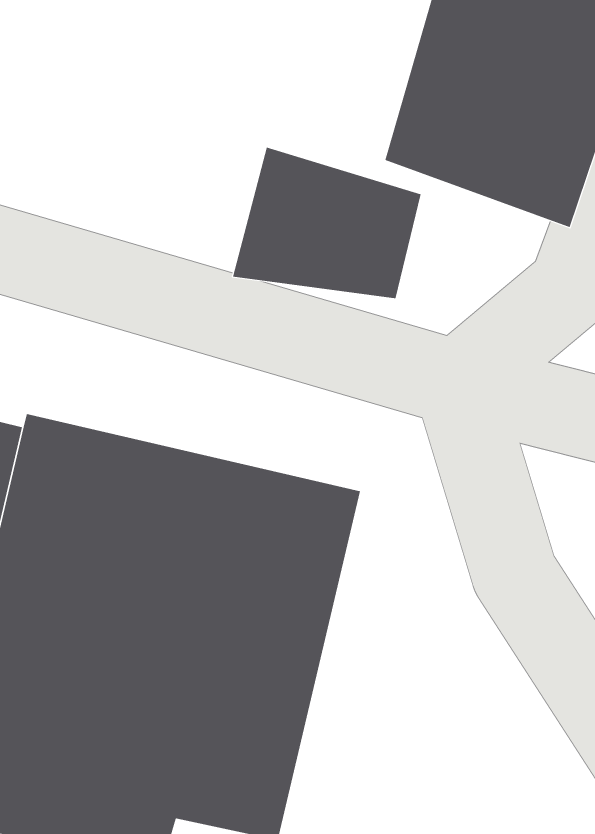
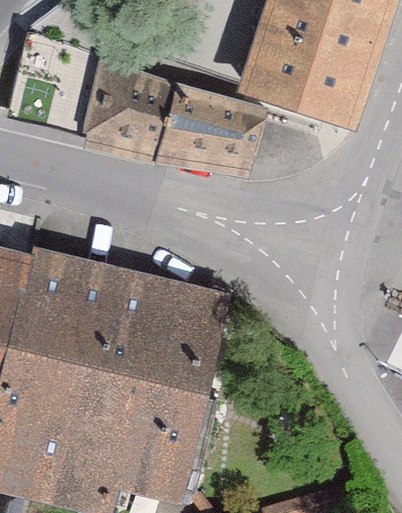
building: none -> [81,60,173,165]

